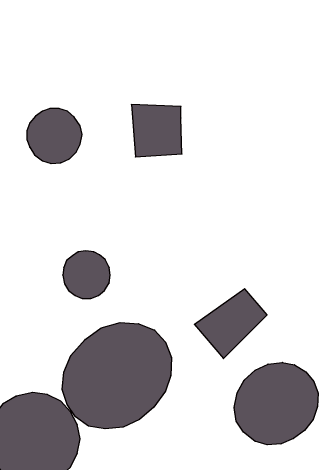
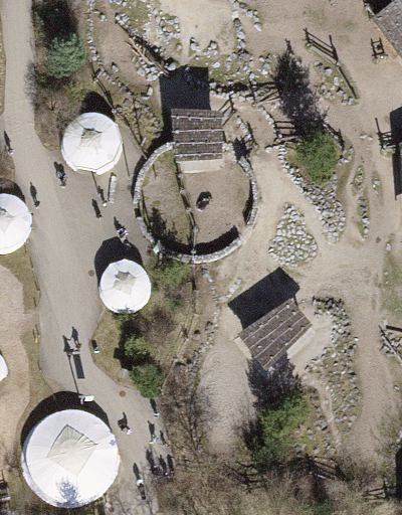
building: [62,323,171,429] -> none
building: [234,362,318,445] -> none

